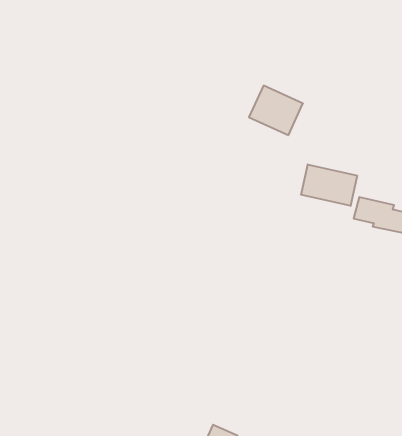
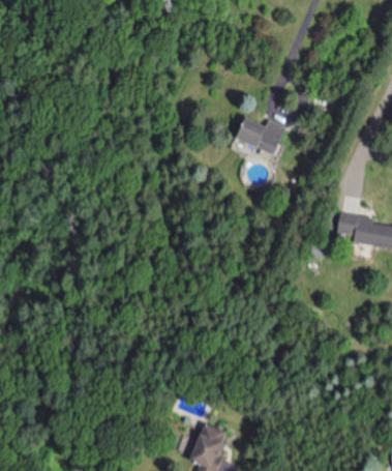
building: [301,164,357,206] -> none

